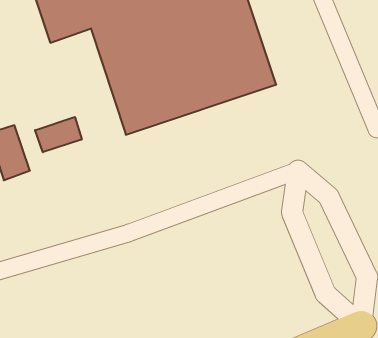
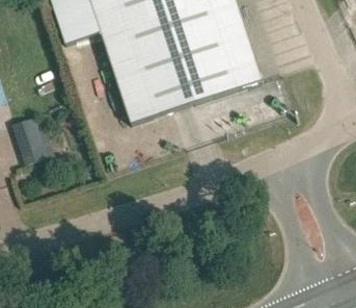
building: [35,117,82,152] -> none

